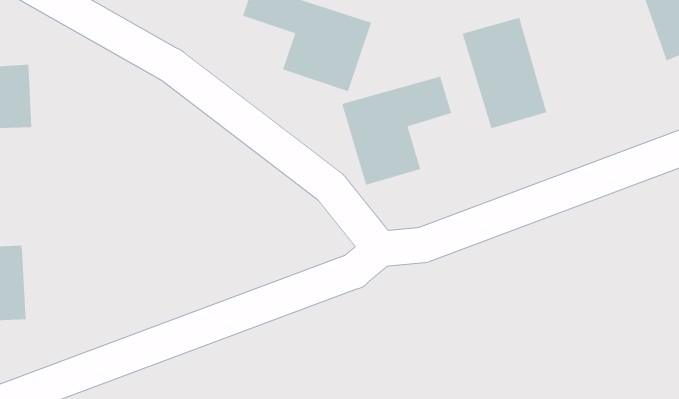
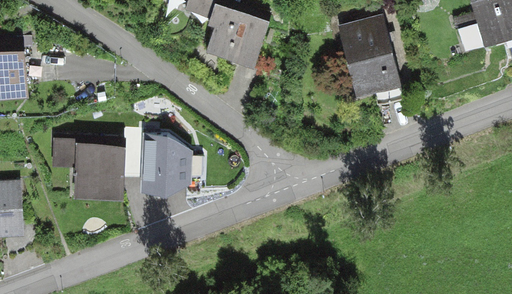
building: [342,76,452,185] -> none
building: none -> [141,135,184,191]
building: none -> [49,140,126,202]

